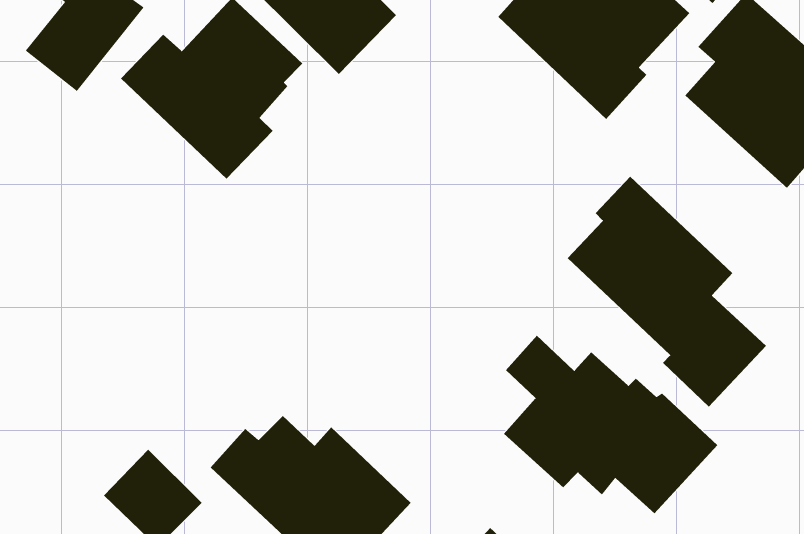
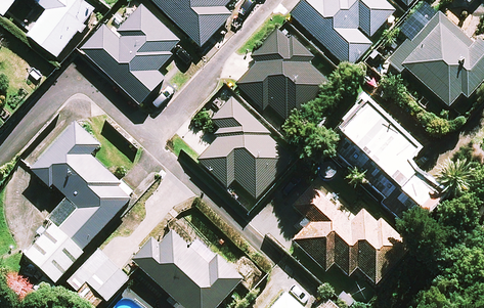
building: none -> [236,27,331,127]
building: none -> [197,88,296,199]
building: none -> [24,121,133,281]

